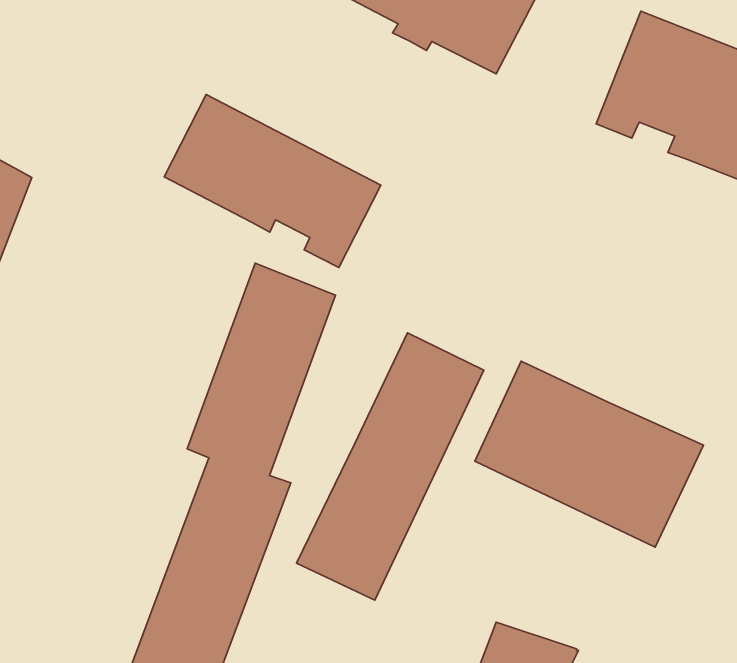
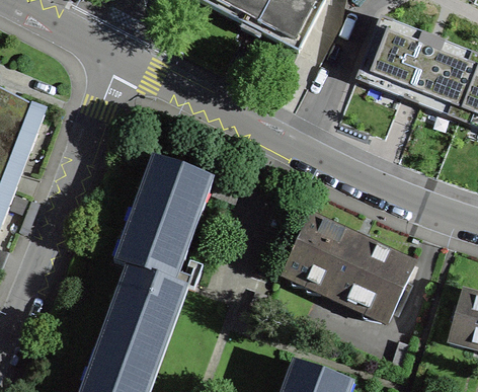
building: [164,95,381,267] -> none
building: [297,333,484,600] -> none

